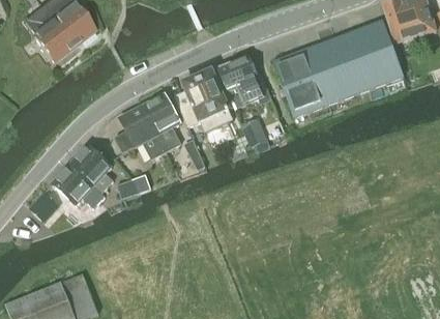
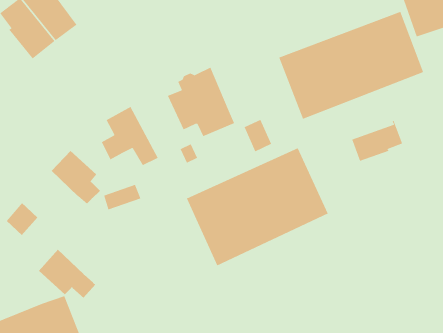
building: [217,55,264,102] -> none
building: [142,92,181,151] -> none
building: none -> [351,120,403,162]
building: none -> [186,147,329,266]
building: [53,163,105,207] -> [38,249,96,299]

